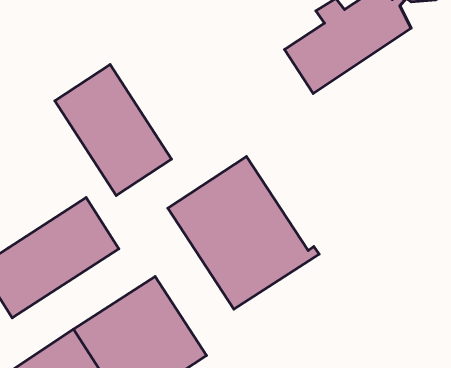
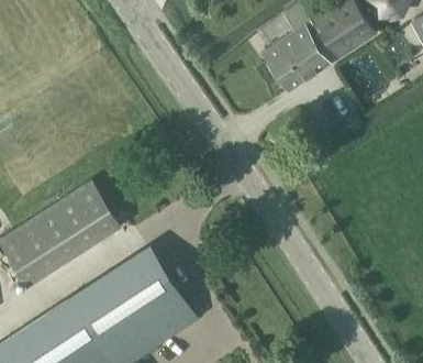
building: [55,65,171,196] -> none
building: [168,156,319,309] -> none

